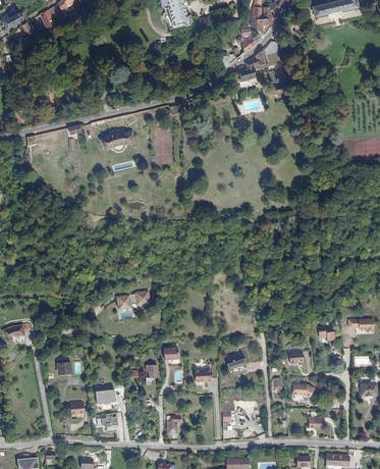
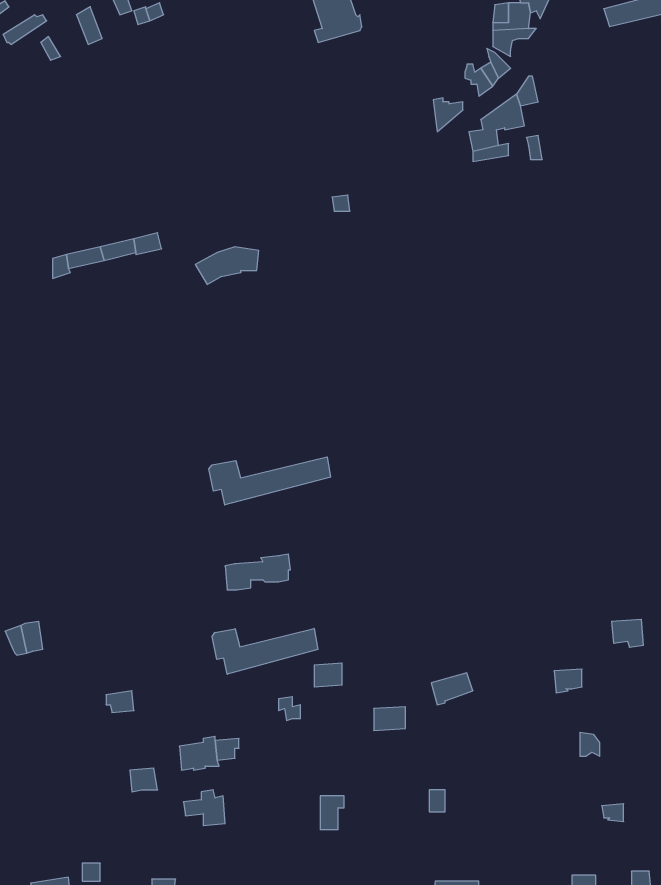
building: none -> [209,457,331,505]
building: none -> [212,628,318,674]

